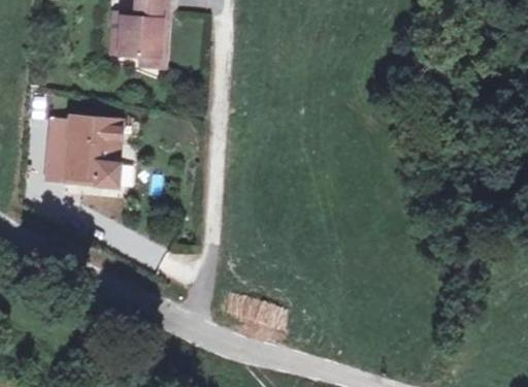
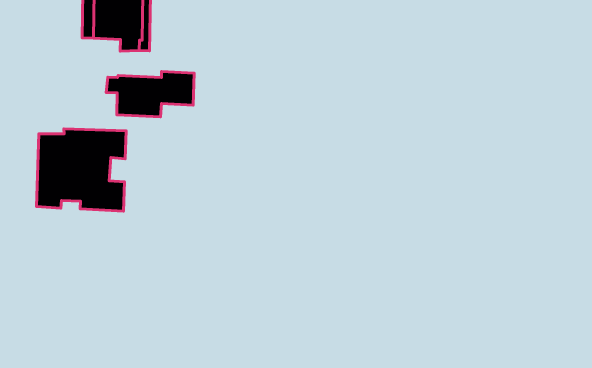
building: none -> [106,71,194,117]

